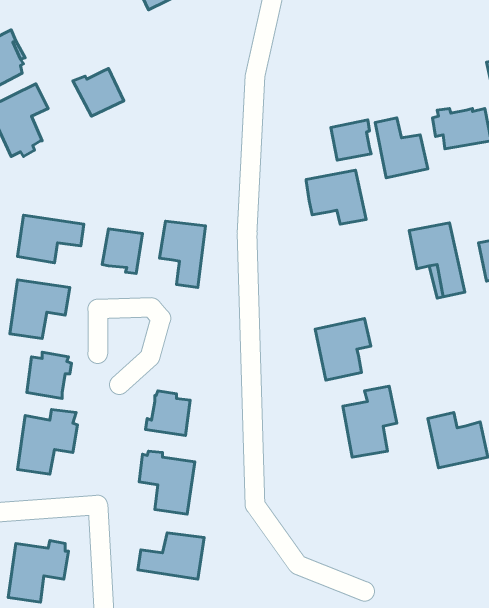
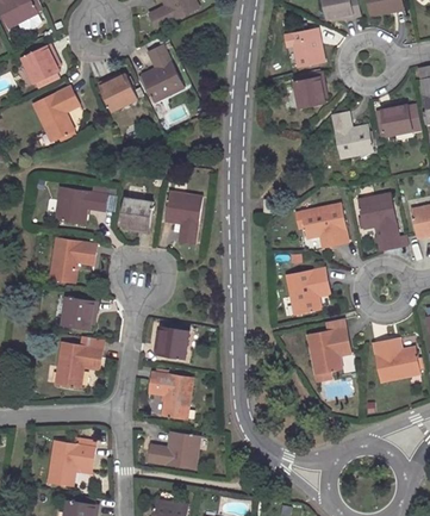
building: none -> [285,30,324,67]
building: none -> [141,45,183,101]
building: [331,120,371,160] -> [293,76,324,107]
building: [306,170,366,224] -> [301,204,348,245]

